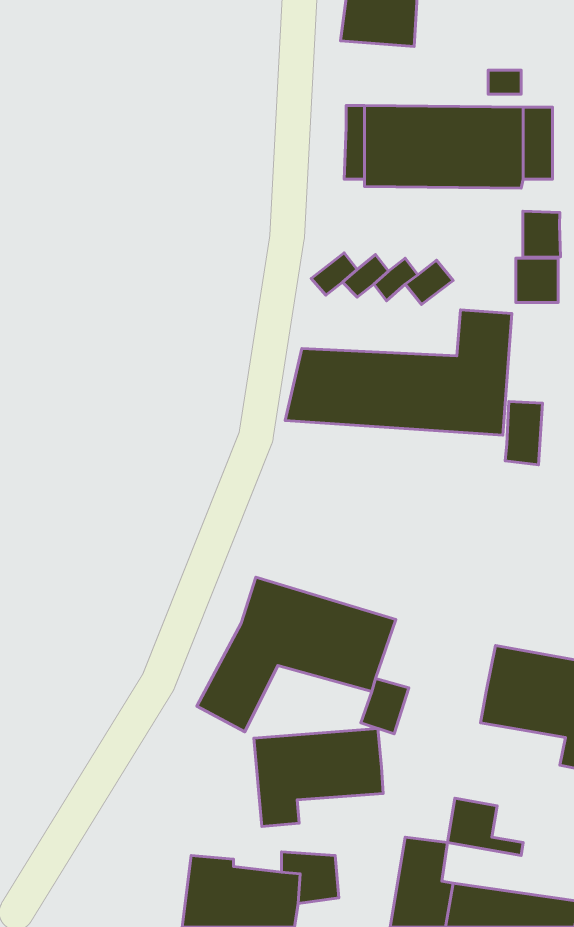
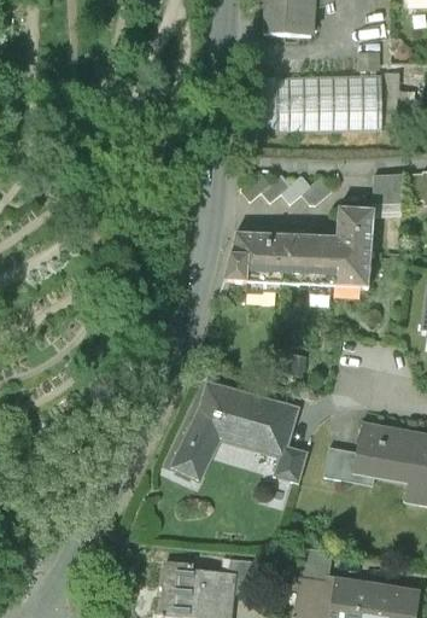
building: [523,211,561,257] -> none
building: [505,401,543,465] -> none
building: [254,728,383,826] -> none
building: [447,798,523,855] -> [323,451,373,489]

